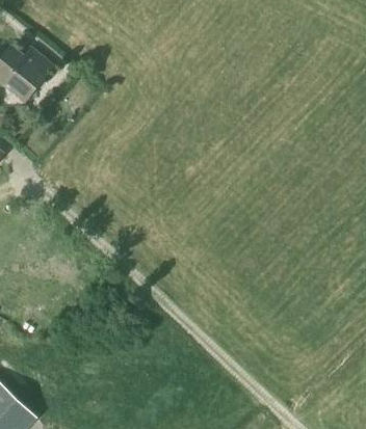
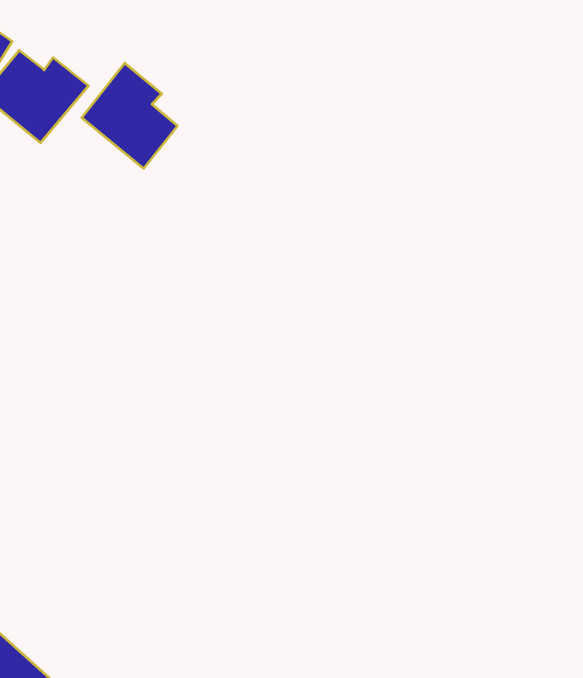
building: none -> [82,63,177,168]

